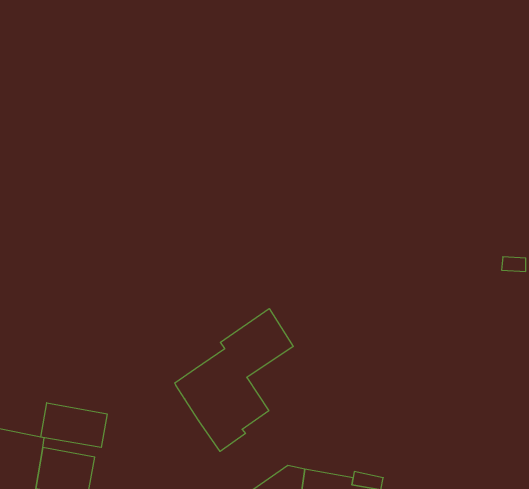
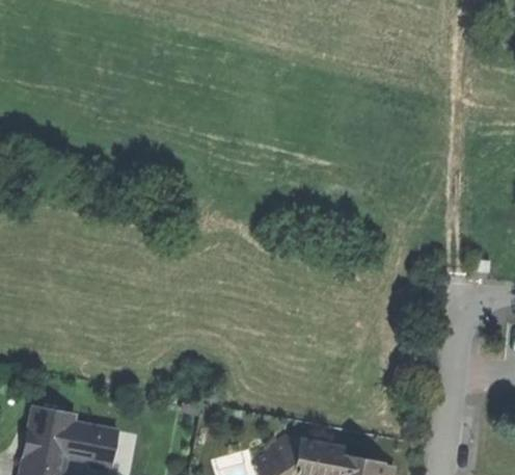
building: [175,309,293,451] -> none
building: [41,403,107,447] -> none

